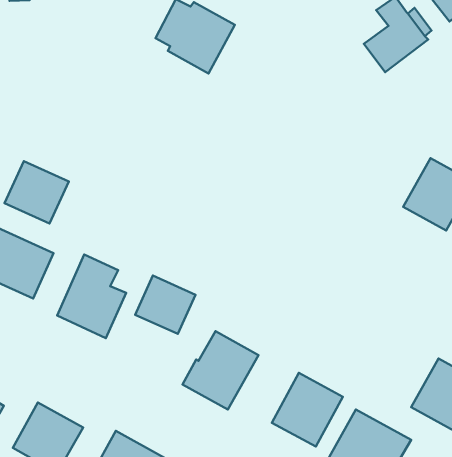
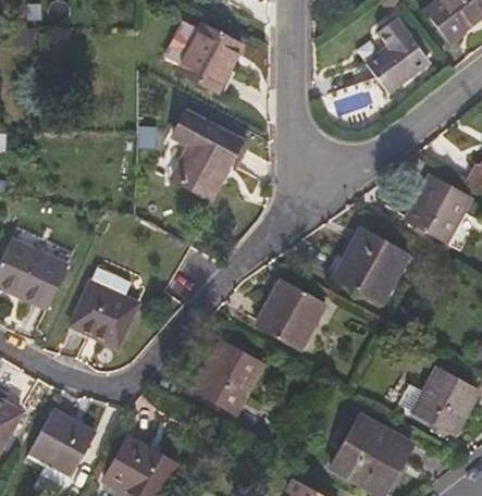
building: none -> [172,112,242,199]
building: [5,161,69,223] -> none
building: none -> [333,228,407,303]
building: [135,275,195,334] -> none
building: [272,373,343,446] -> [256,280,324,350]

